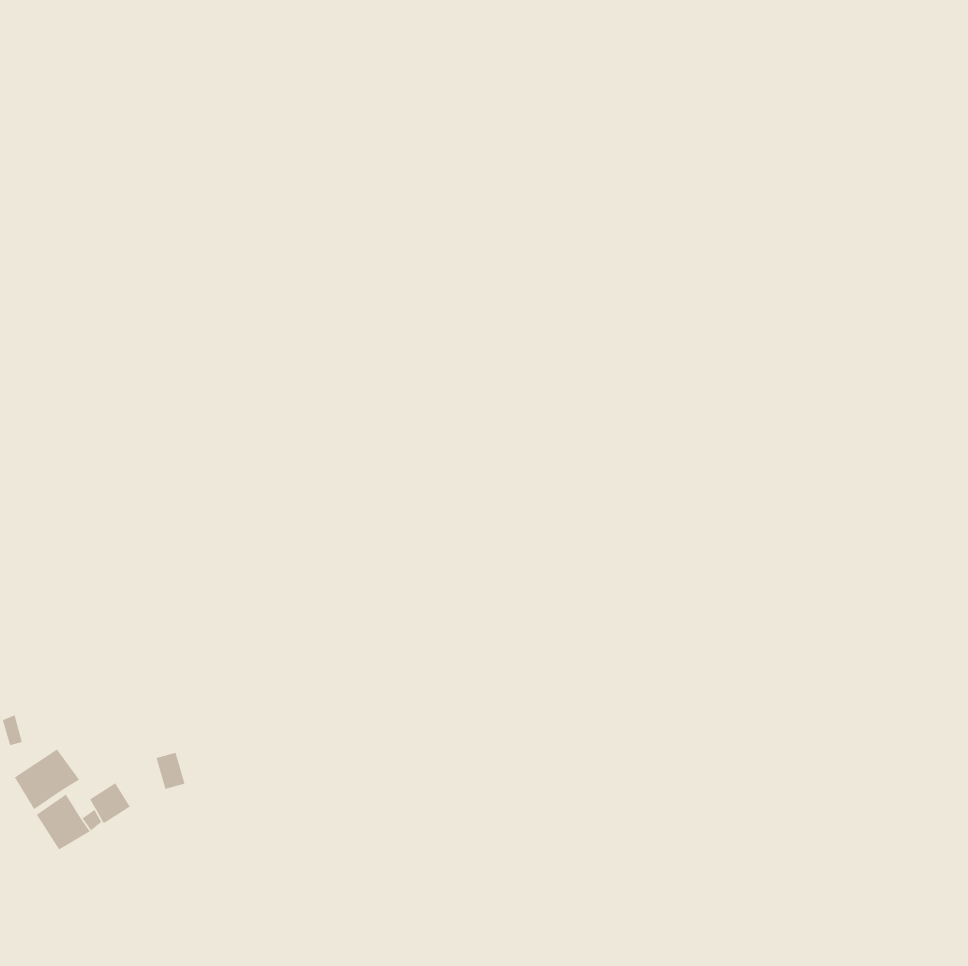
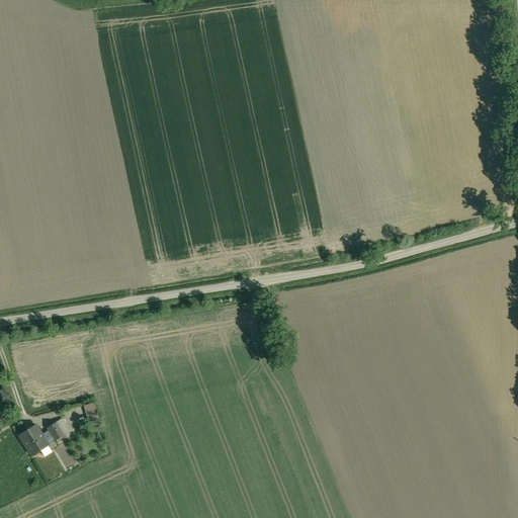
building: [14,748,80,810] -> none

